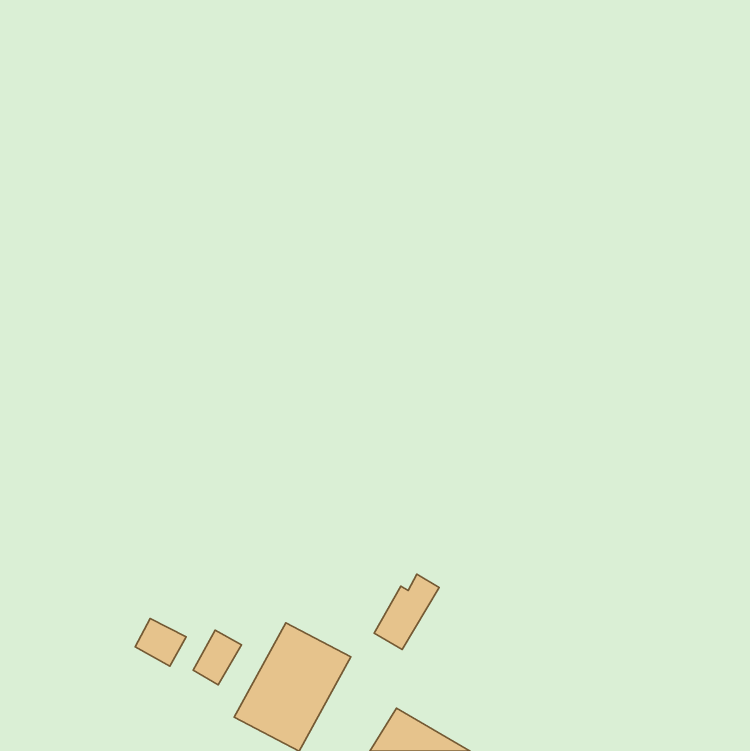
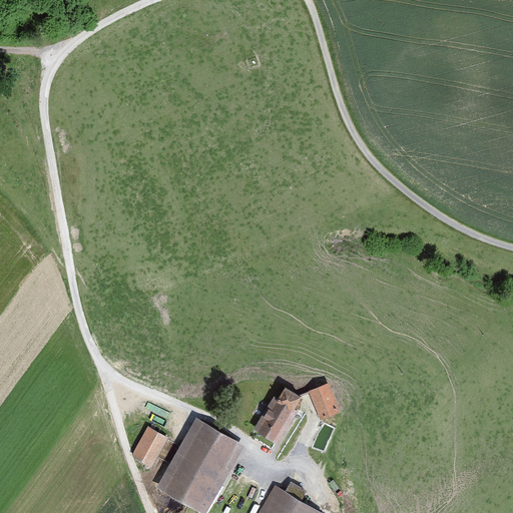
building: none -> [309,386,337,418]
building: [135,618,186,666] -> none

